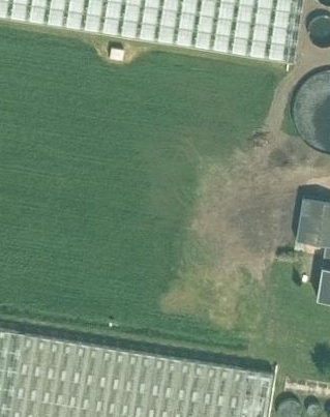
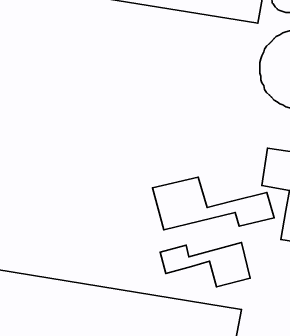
building: none -> [153,177,274,230]
building: none -> [160,243,250,287]

